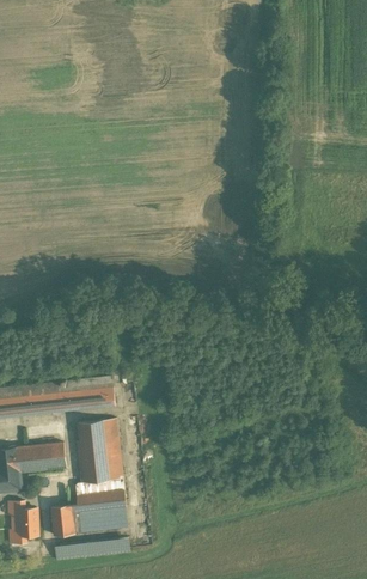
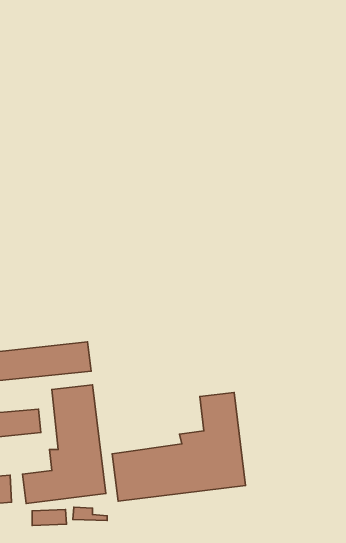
building: none -> [112,392,246,501]

